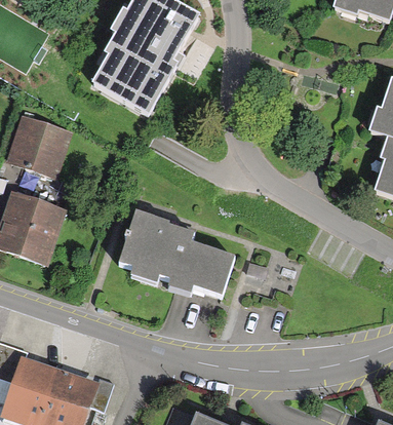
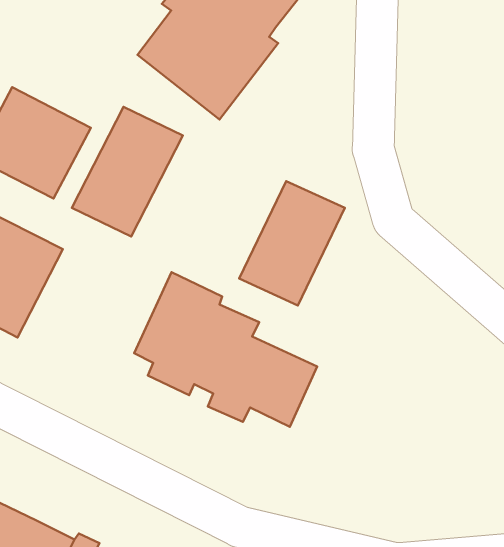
building: none -> [72,107,183,236]
building: none -> [239,181,345,305]

